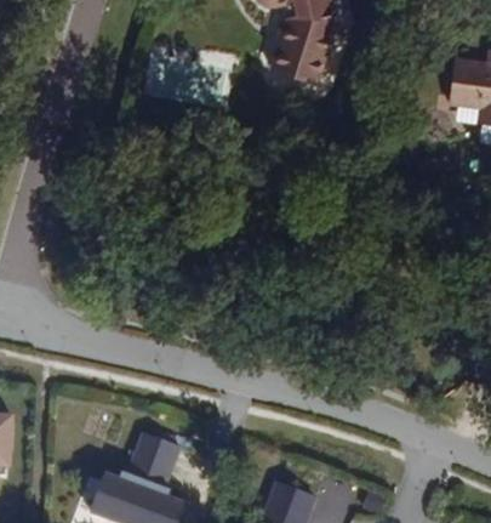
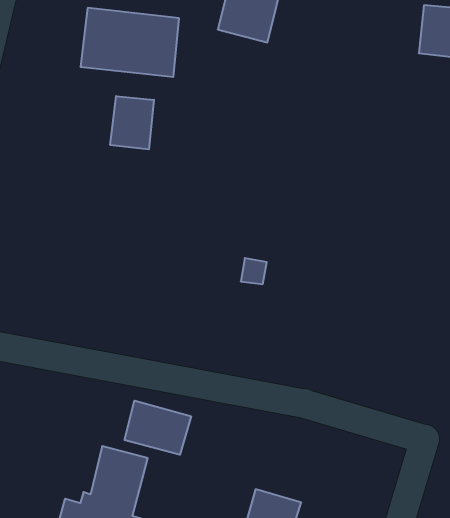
building: none -> [110,96,154,149]
building: none -> [125,401,191,455]

